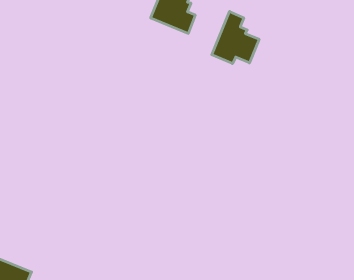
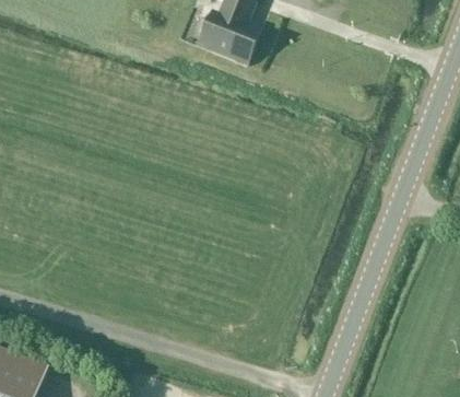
building: [212,11,259,64] -> none

